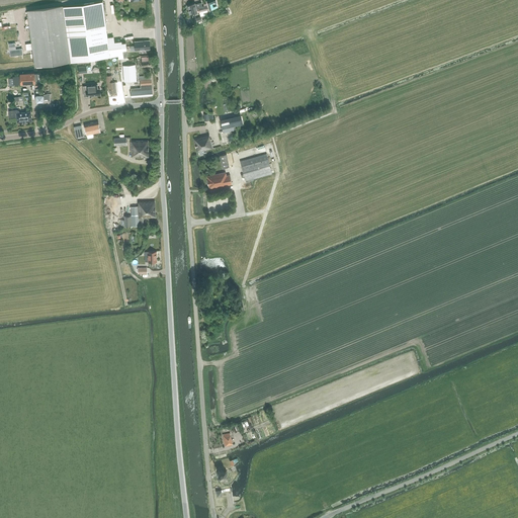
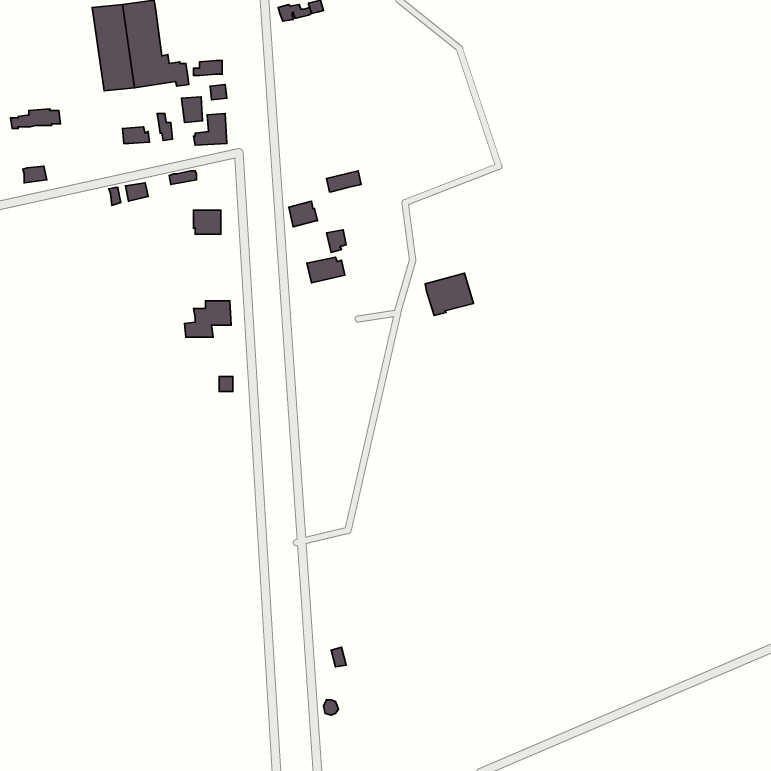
building: [26,6,70,67] -> none
building: [239,155,271,183] -> [425,273,473,316]

